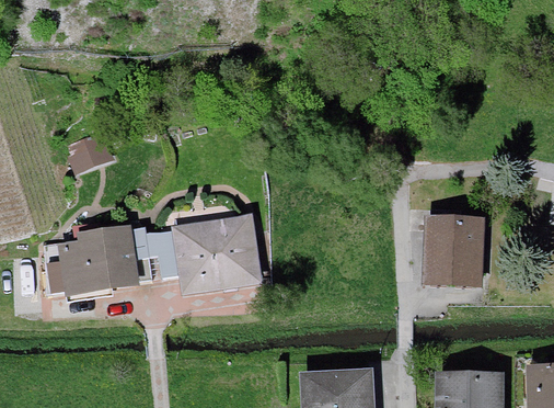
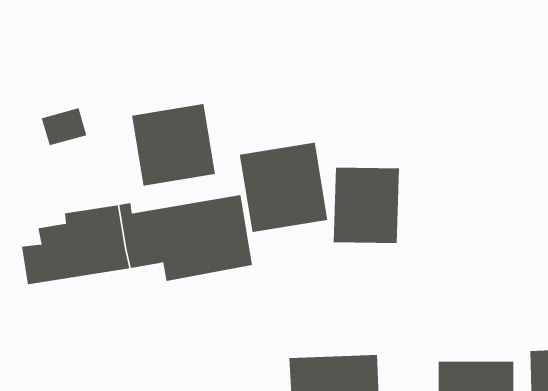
building: none -> [131,103,216,187]
building: none -> [239,142,328,233]
building: [417,208,481,281] -> [333,167,400,244]

